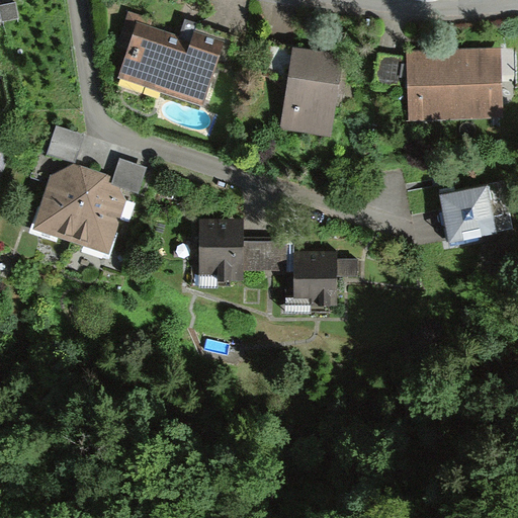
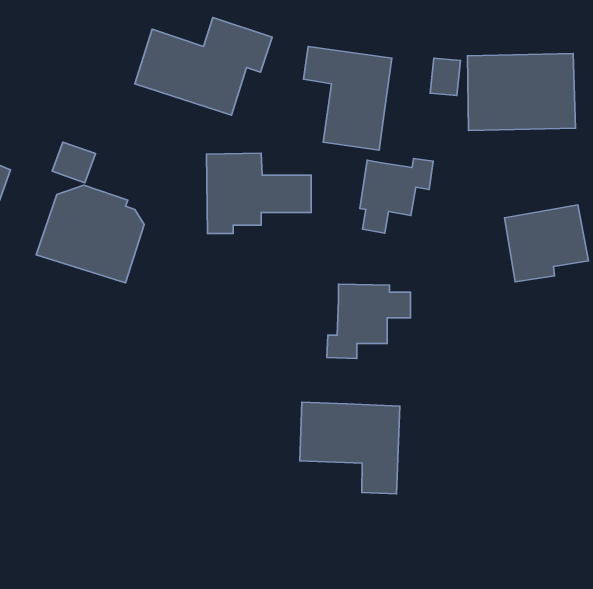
building: none -> [360,159,433,233]
building: [109,158,148,194] -> none
building: [197,219,288,288] -> [206,153,311,233]
building: none -> [300,402,400,494]

